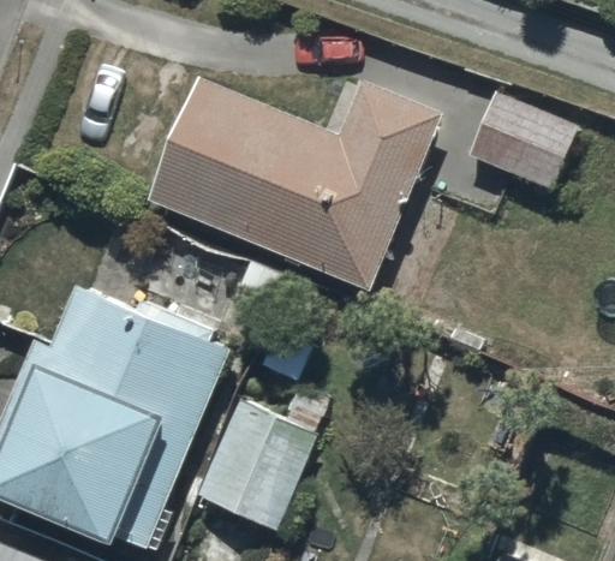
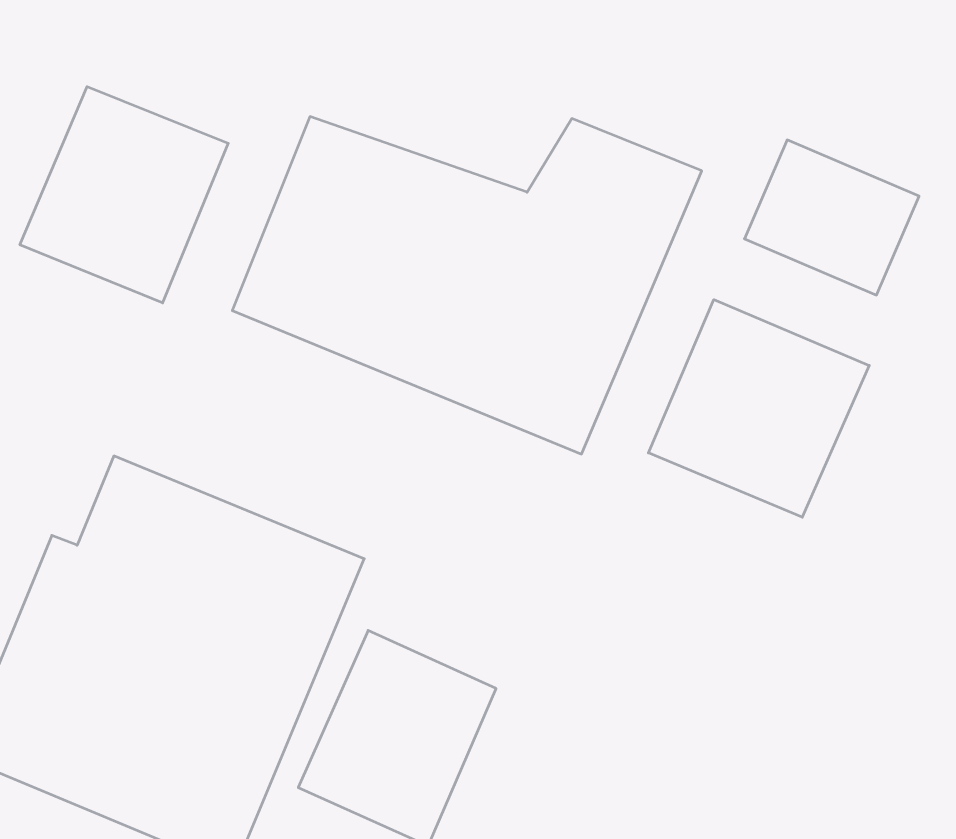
building: none -> [20,87,228,303]
building: none -> [648,300,869,517]

